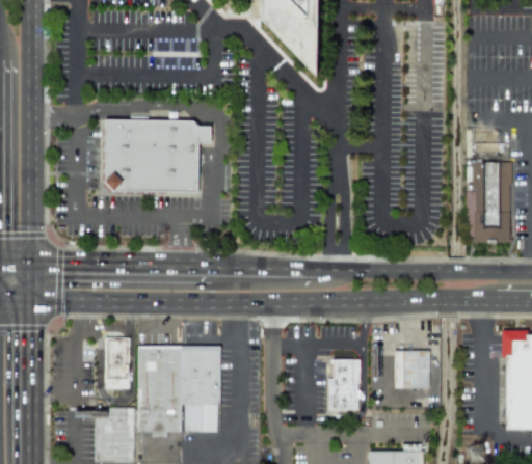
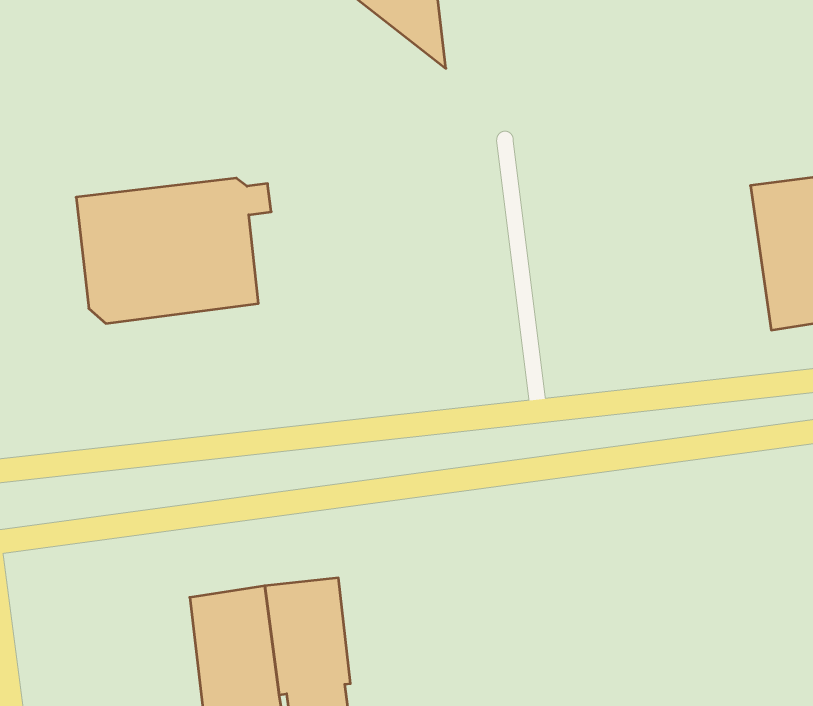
building: [106,336,130,388] -> none
building: [395,349,430,388] -> none
building: [329,354,361,410] -> none

